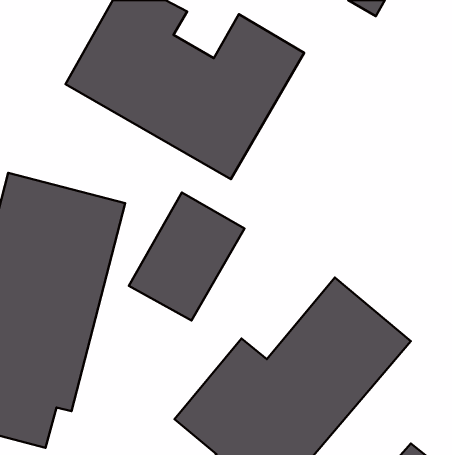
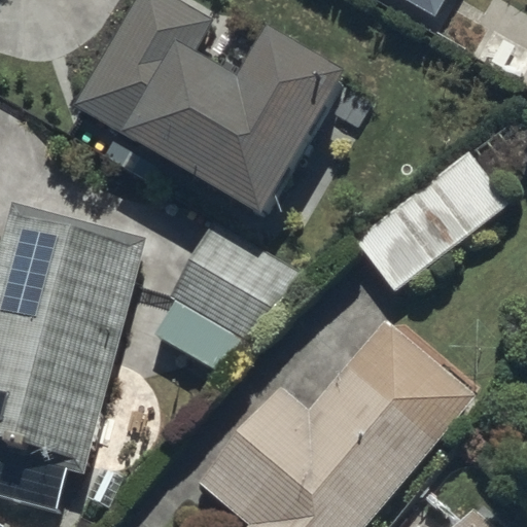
building: none -> [353,152,510,295]

